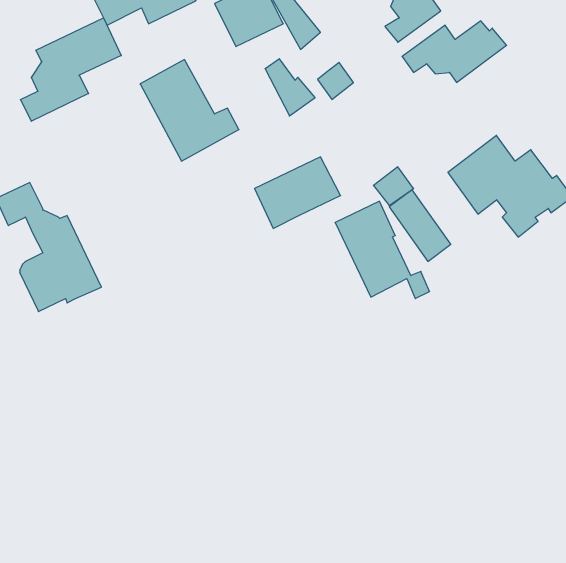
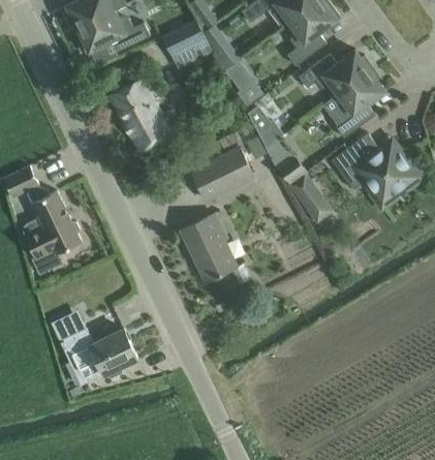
building: [20,18,121,121] -> none
building: none -> [335,67,384,137]
building: [265,59,315,116] -> [247,105,283,147]
building: [335,201,430,299] -> [181,213,249,283]
building: none -> [58,319,136,382]

